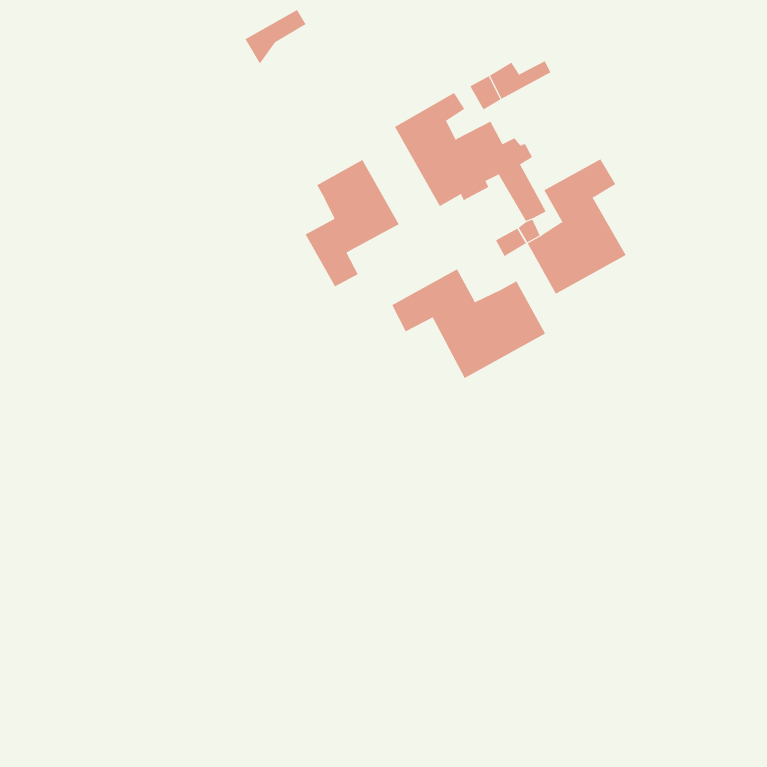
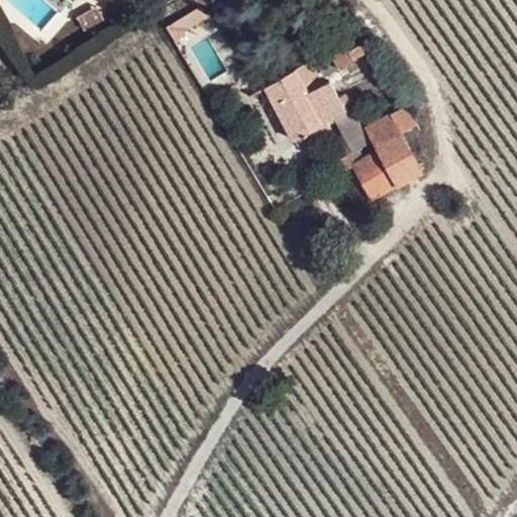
building: [305,159,400,287] -> none
building: [392,268,546,379] -> none

